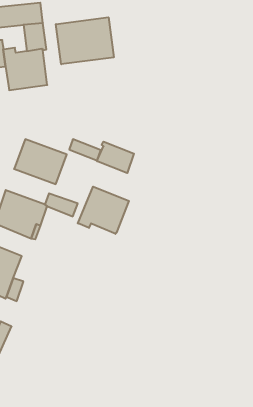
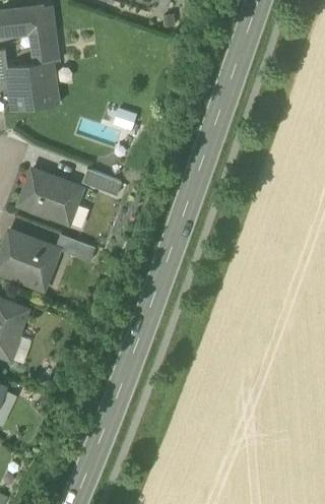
building: [56,17,114,64] -> none
building: [97,142,134,173] -> none
building: [78,187,129,234] -> none

